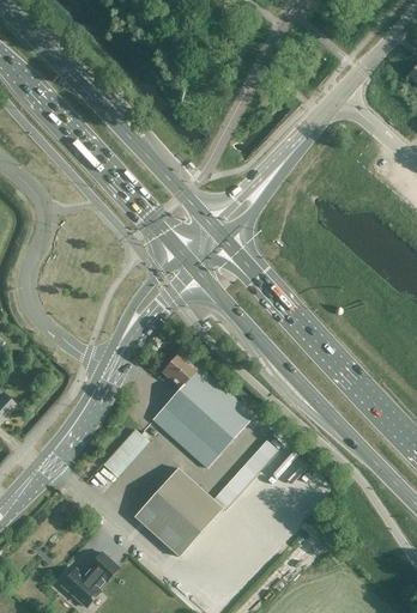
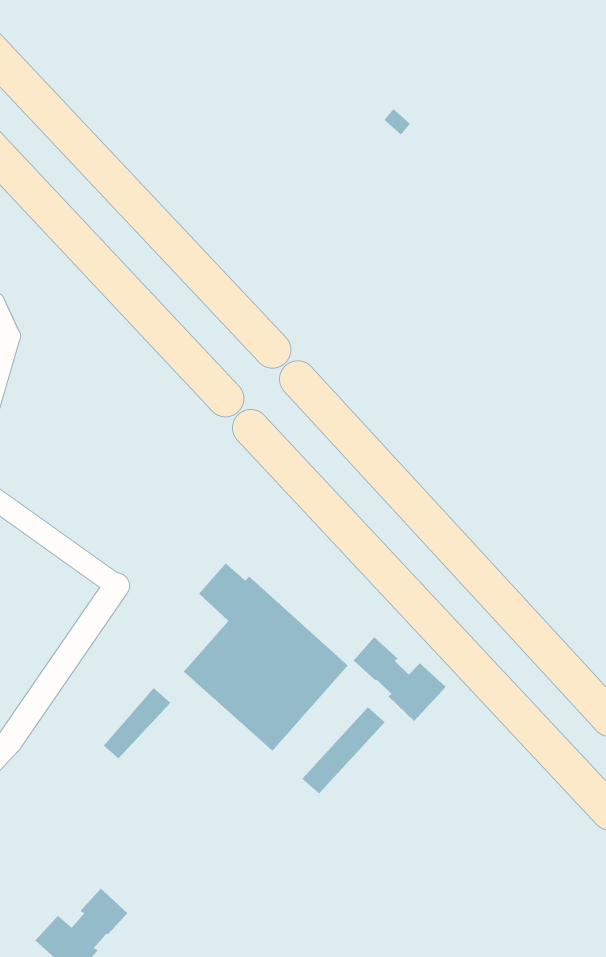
building: none -> [353,637,446,722]
building: [134,467,223,557] -> none

